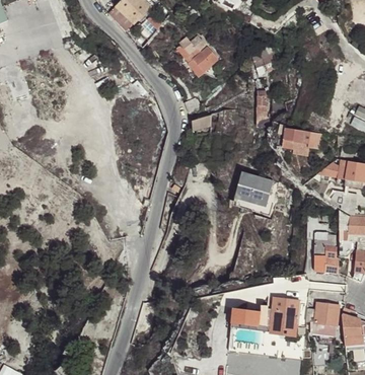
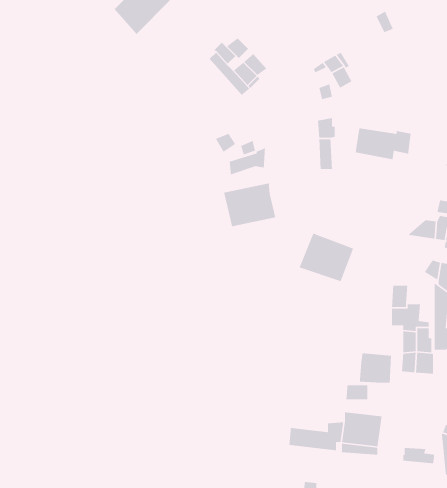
building: [280,129,320,152] -> [355,127,412,160]
building: none -> [223,182,276,227]
building: [315,304,339,326] -> [359,352,392,384]

